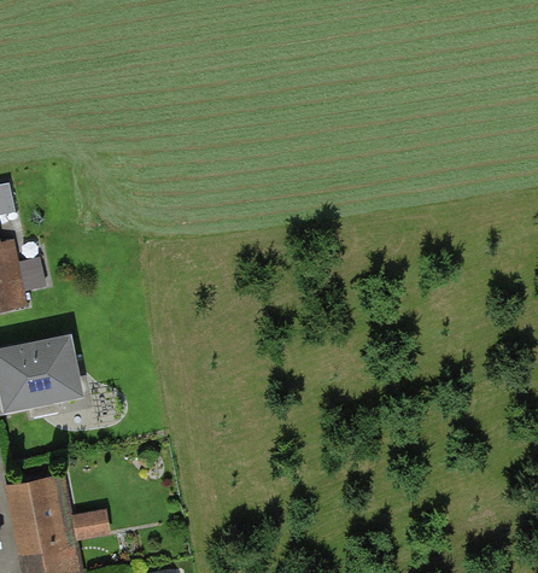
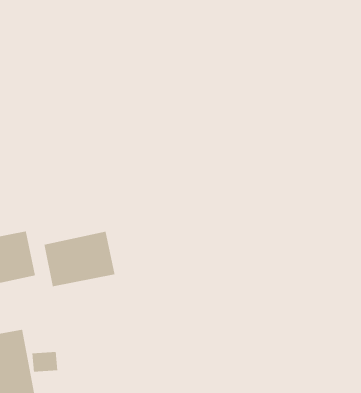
building: none -> [44,231,115,287]

